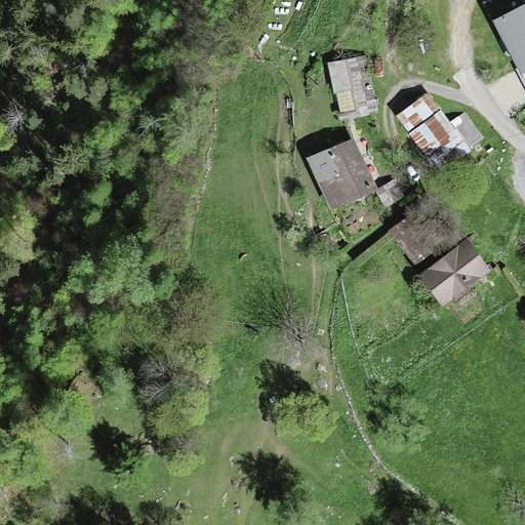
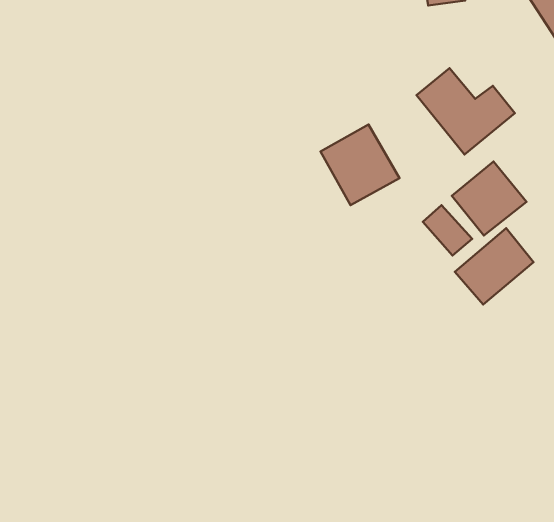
building: [328,58,379,118] -> none
building: none -> [452,162,527,235]

